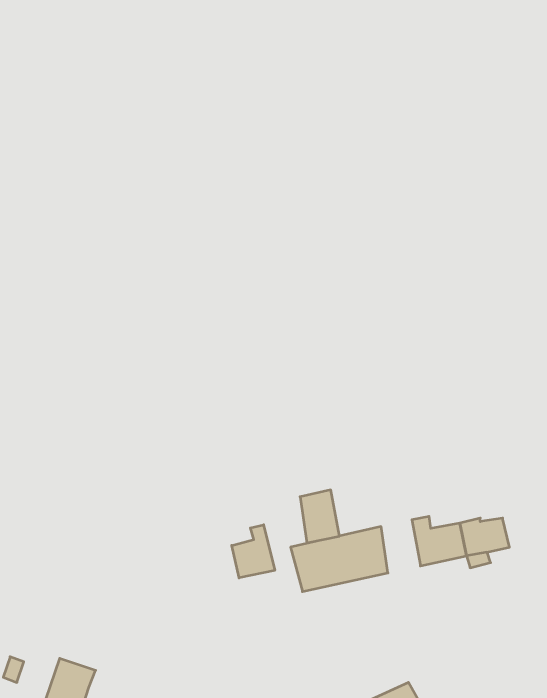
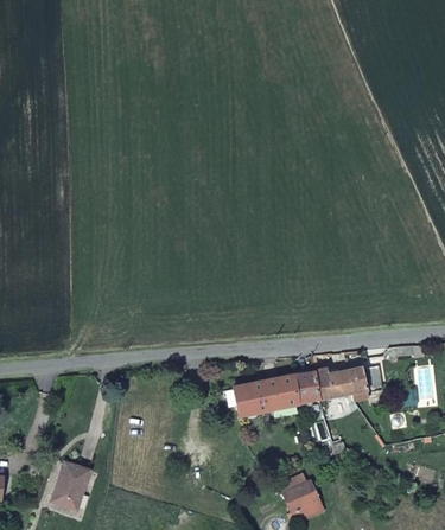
building: [300,490,339,543] -> [288,369,316,406]
building: [232,525,275,578] -> none

